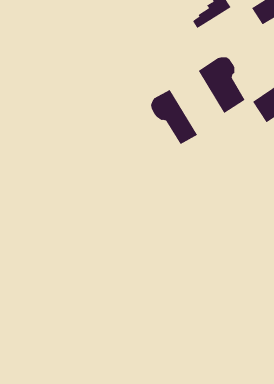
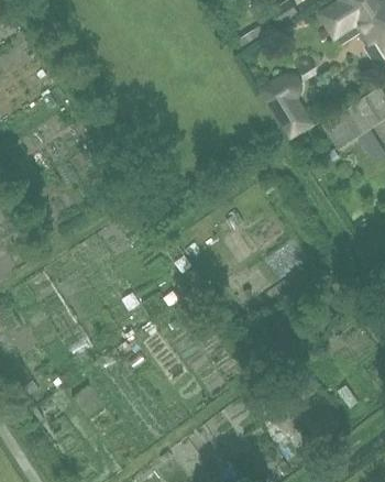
building: [150,89,198,145] -> none

